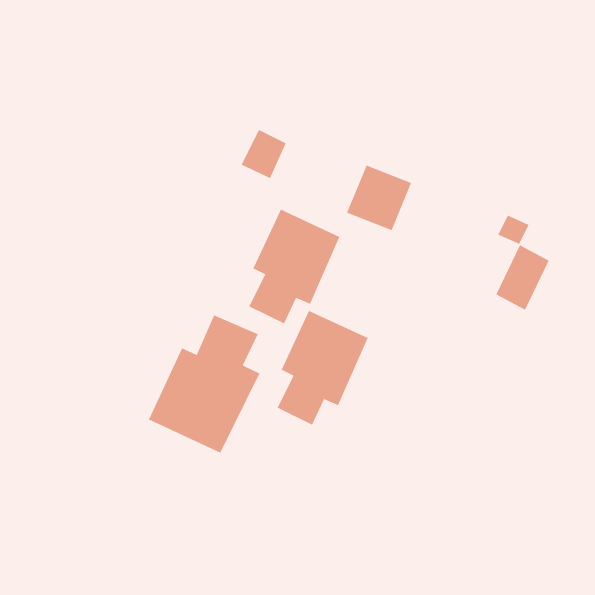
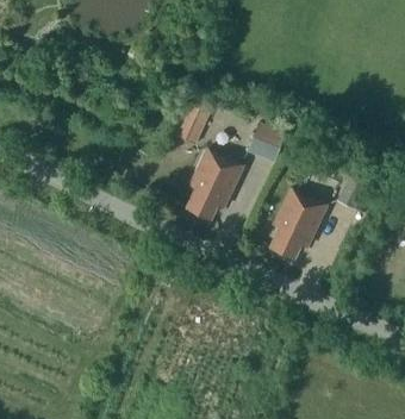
building: [277,310,368,426] -> [272,188,326,257]
building: [148,314,260,454] -> none

